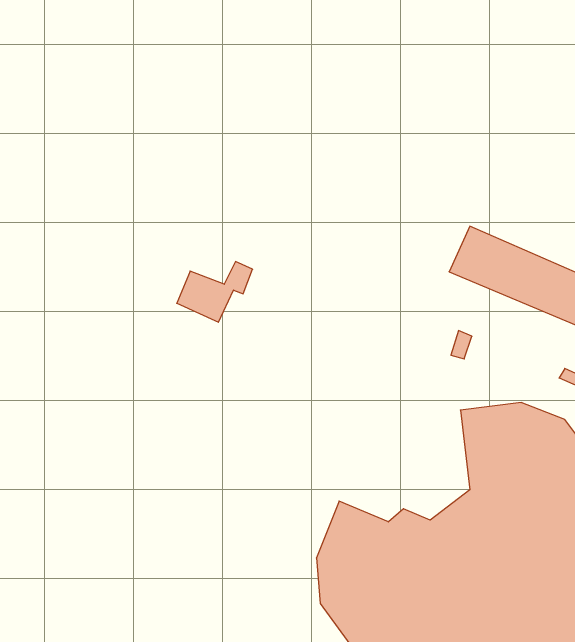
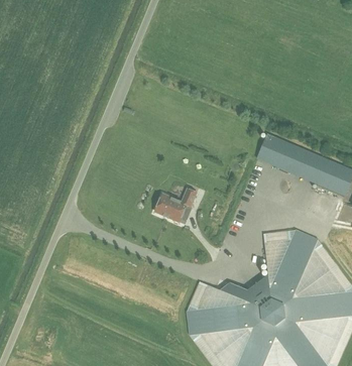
building: [177,262,253,322] -> [155,189,196,221]

